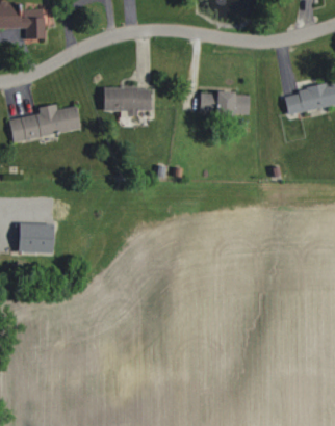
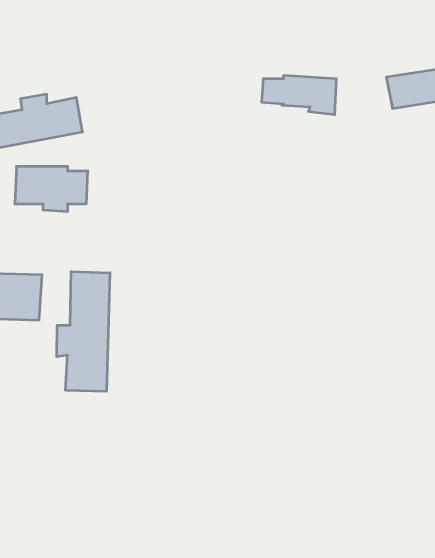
building: [102,86,151,116] -> [15,166,88,211]
building: none -> [57,272,110,391]

